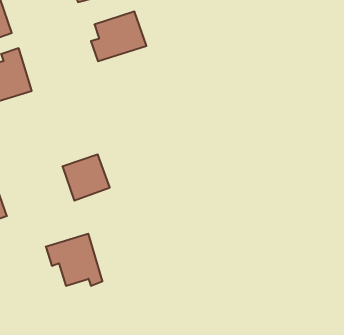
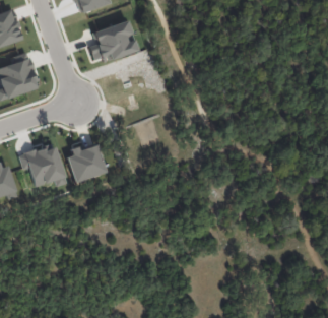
building: [46,234,103,286] -> [18,142,67,187]

